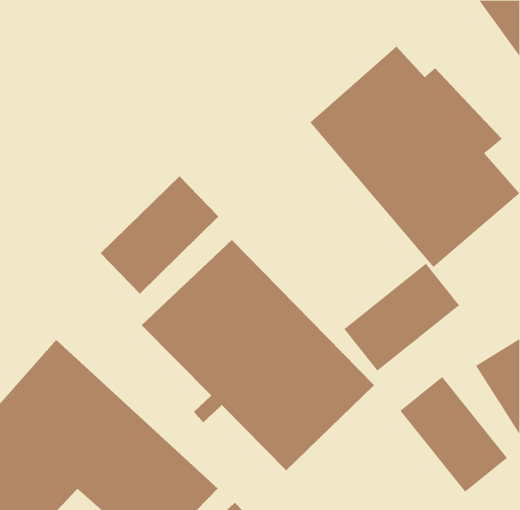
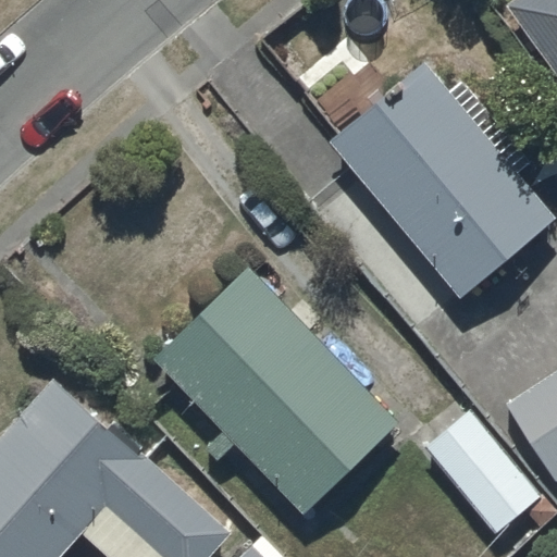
building: [100,175,219,294] -> none
building: [344,263,460,372] -> none

